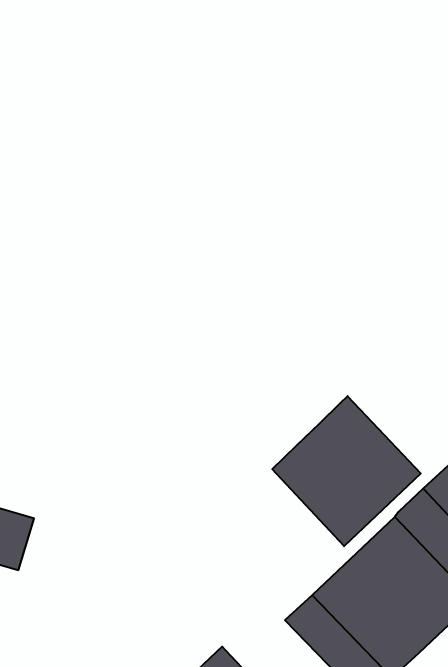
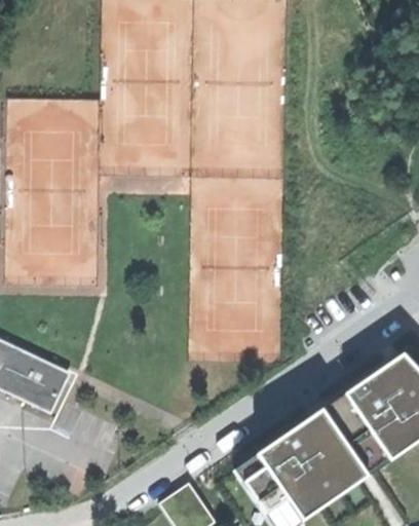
building: [272,396,421,546] -> none

